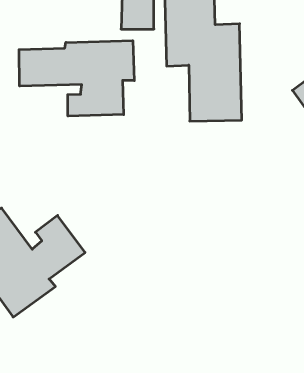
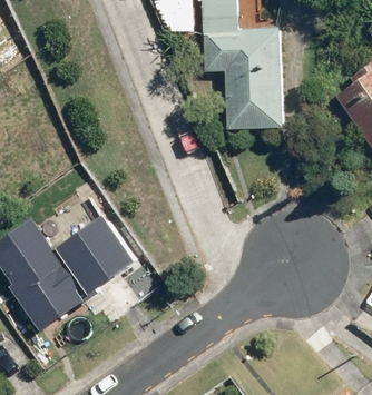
building: [19,41,134,116] -> none

